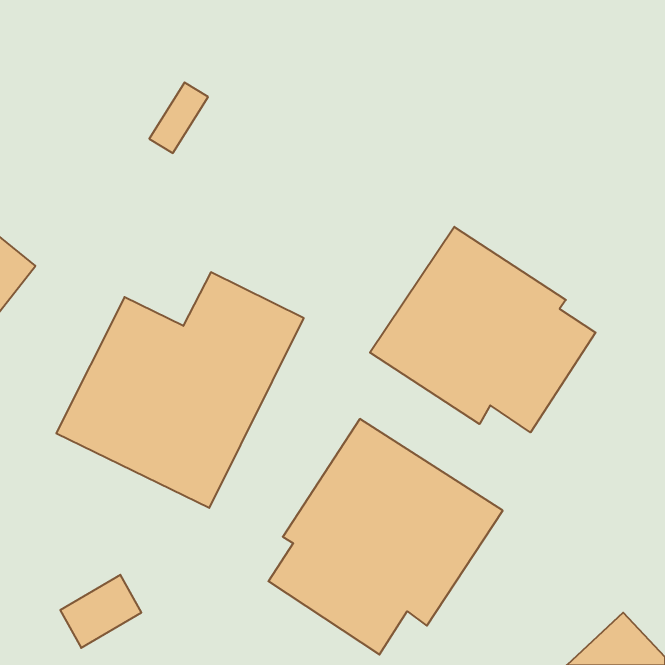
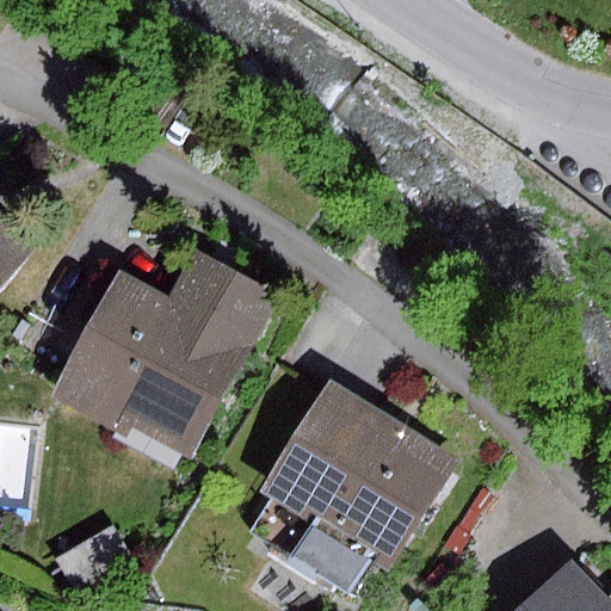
building: [370,227,596,432] -> none

